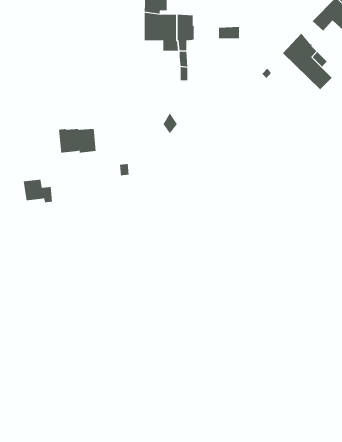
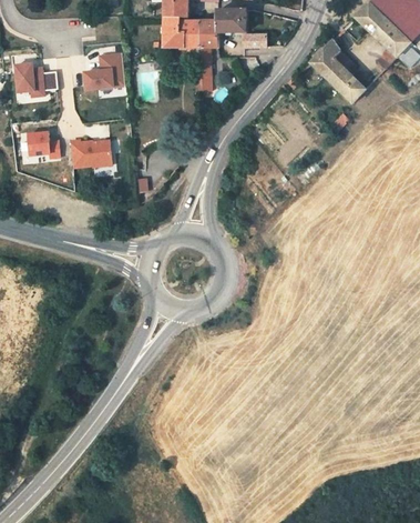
building: none -> [216,9,246,31]
building: none -> [83,56,123,91]
building: none -> [14,66,58,99]
building: [23,179,53,203] -> [28,134,60,160]

